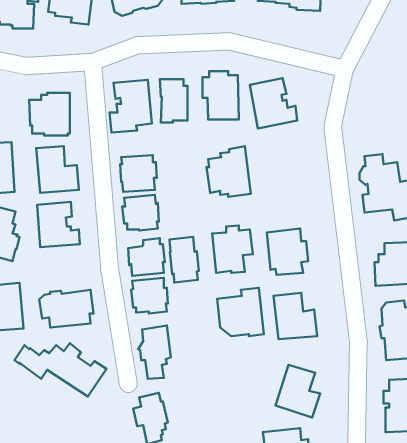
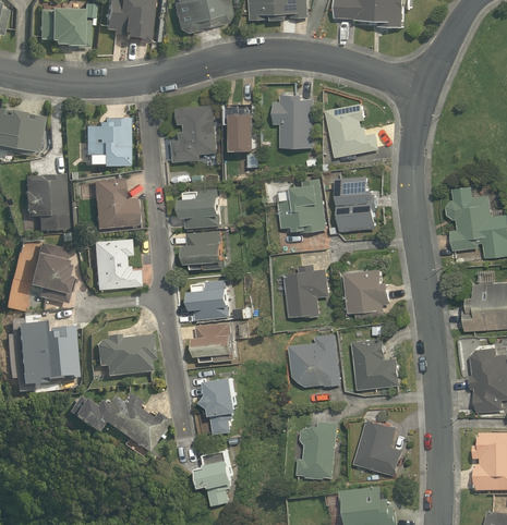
building: none -> [335,175,375,231]
building: [169,237,199,283] -> none
building: none -> [295,420,337,480]

